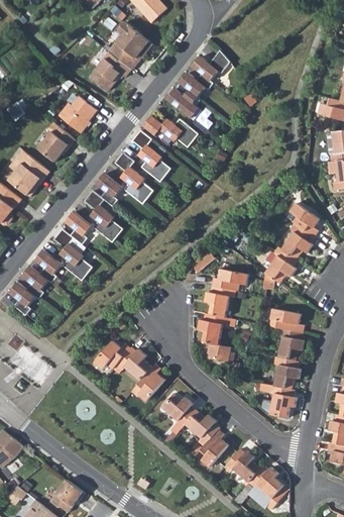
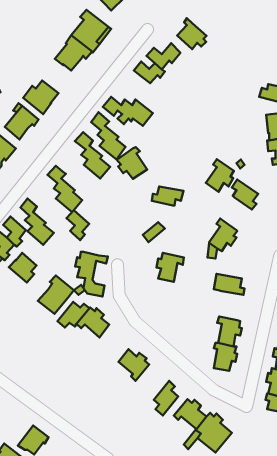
building: none -> [177,18,206,49]
building: [166,90,201,114] -> none
building: none -> [117,147,147,179]
building: [98,174,122,206] -> none
building: [66,210,91,243] -> [67,210,89,240]
building: [279,225,311,262] -> [206,159,234,192]
building: [212,271,247,292] -> [152,186,184,206]
building: none -> [9,253,36,283]
building: none -> [38,275,74,314]
building: [198,315,234,365] -> [75,252,108,296]
building: [273,329,304,361] -> none
building: [132,364,165,401] -> none
building: [186,411,220,446] -> none

